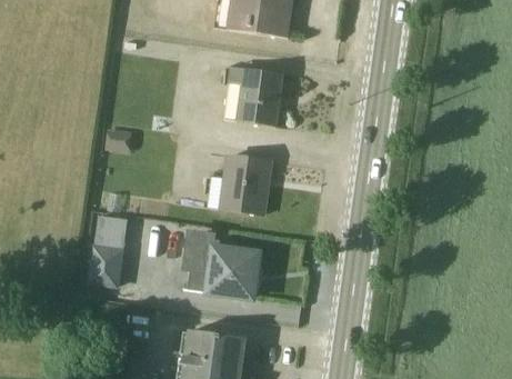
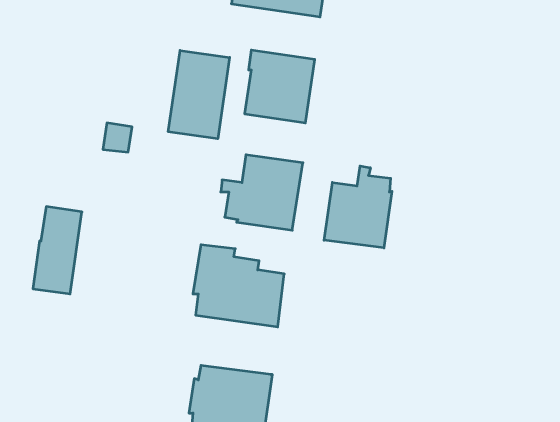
building: none -> [168,50,230,139]
building: none -> [324,166,392,248]
building: [87,213,128,287] -> [33,207,82,294]

